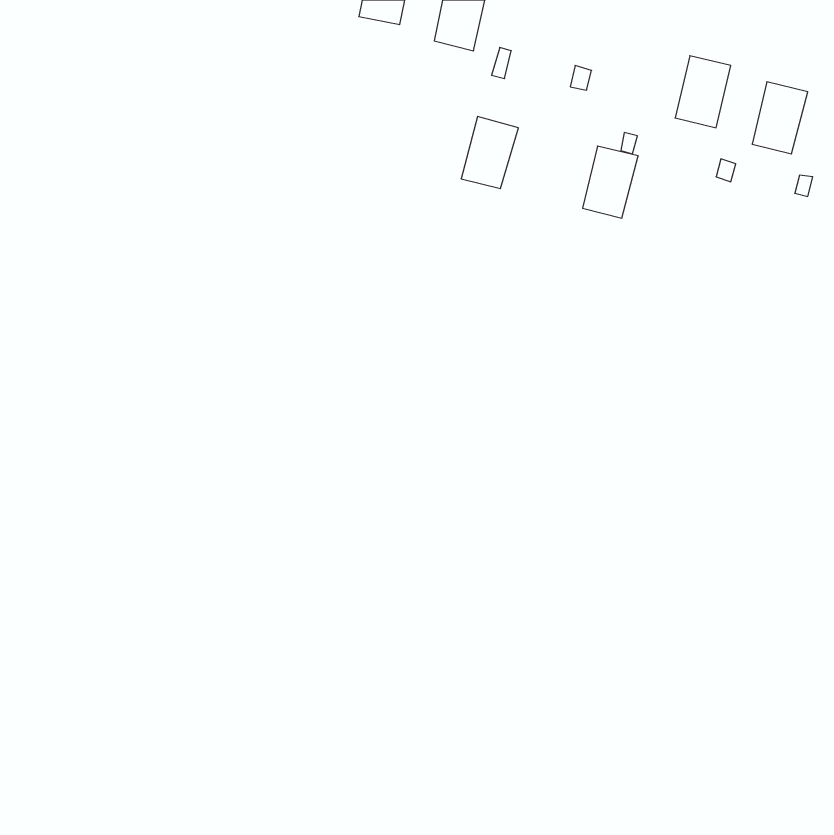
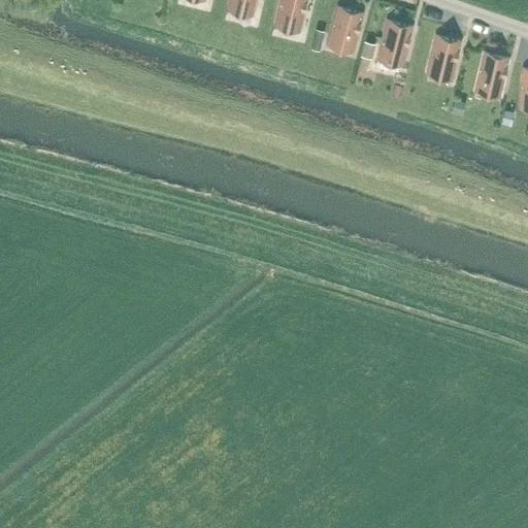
building: [461,116,518,189] -> [326,7,362,53]
building: [583,146,638,218] -> [376,21,411,66]

